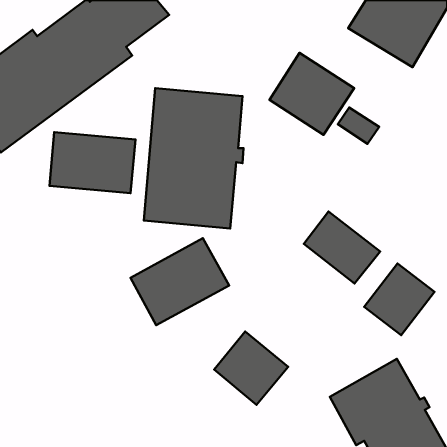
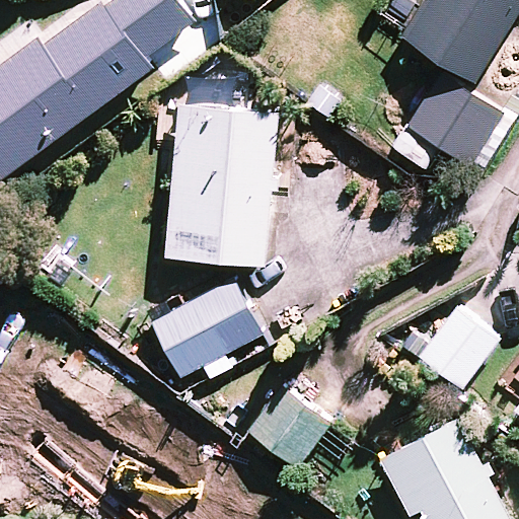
building: [270,53,354,135] -> [404,72,502,166]
building: [50,132,136,193] -> none
building: [304,212,380,284] -> none

